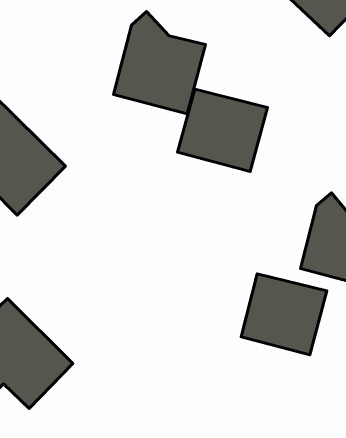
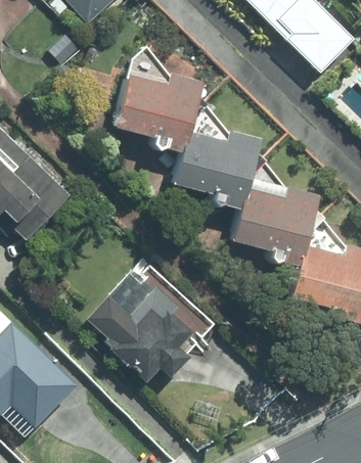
building: none -> [85,258,216,388]
building: [241,274,327,355] -> [236,179,318,257]

